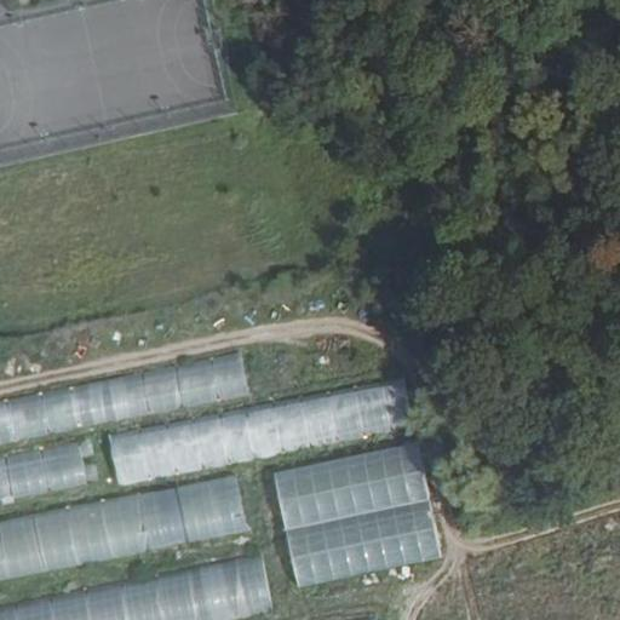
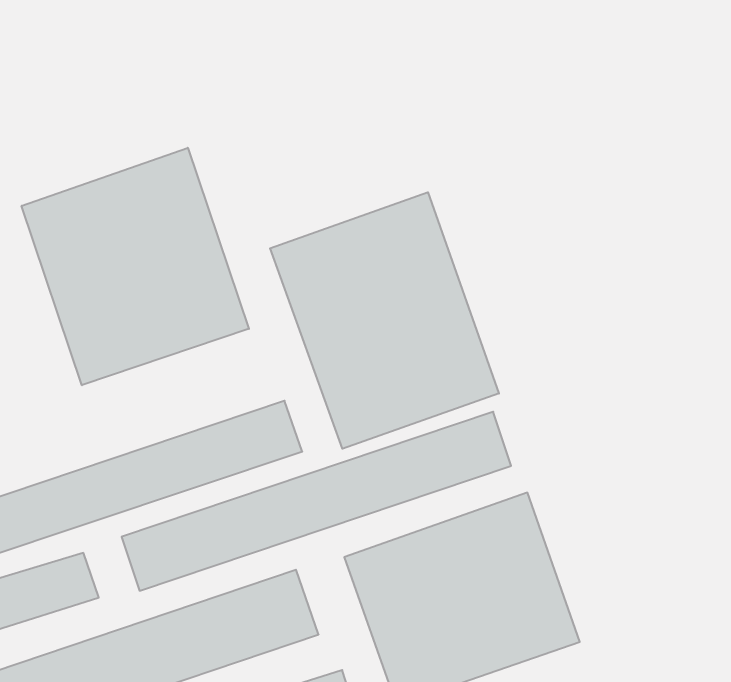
building: none -> [22,148,249,385]
building: none -> [270,192,499,449]

